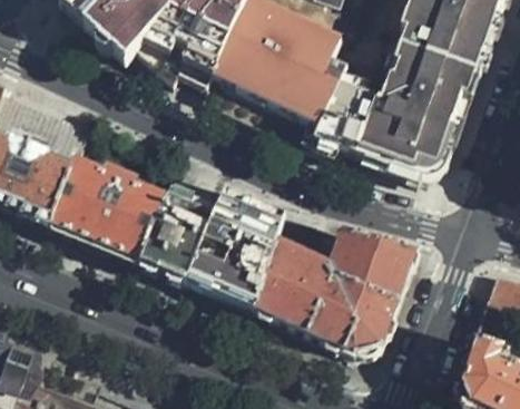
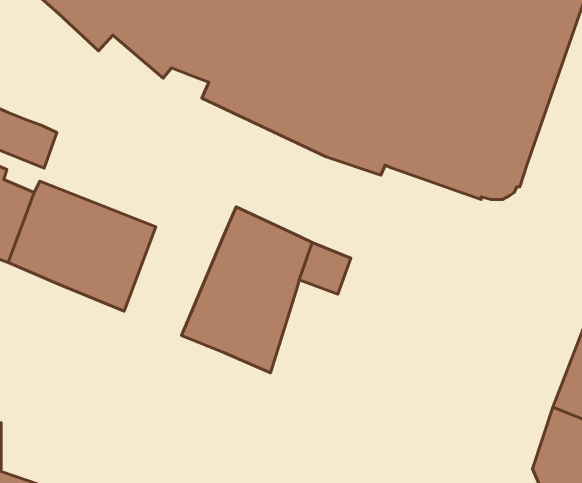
building: [139,181,216,276] -> none
building: [253,225,416,351] -> none

